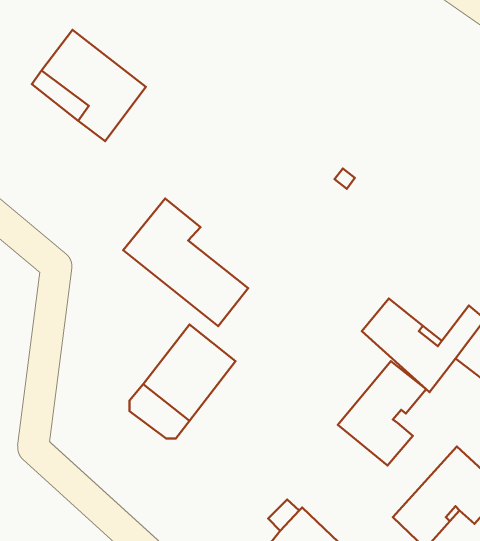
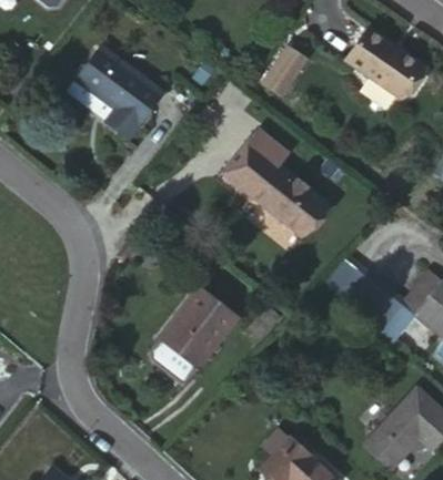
building: none -> [350,32,427,102]
building: none -> [263,41,311,98]
building: [123,199,248,326] -> [224,130,326,234]
building: [338,361,426,466] -> none

